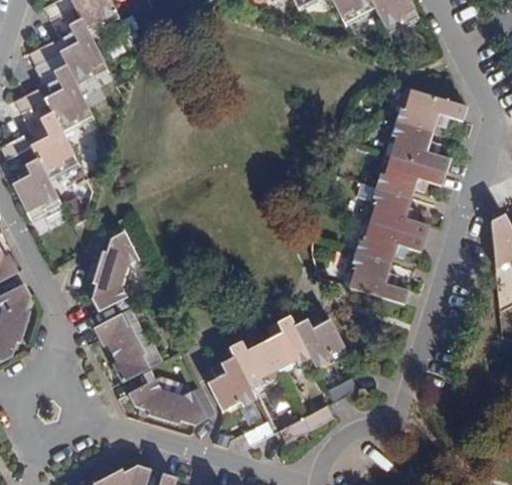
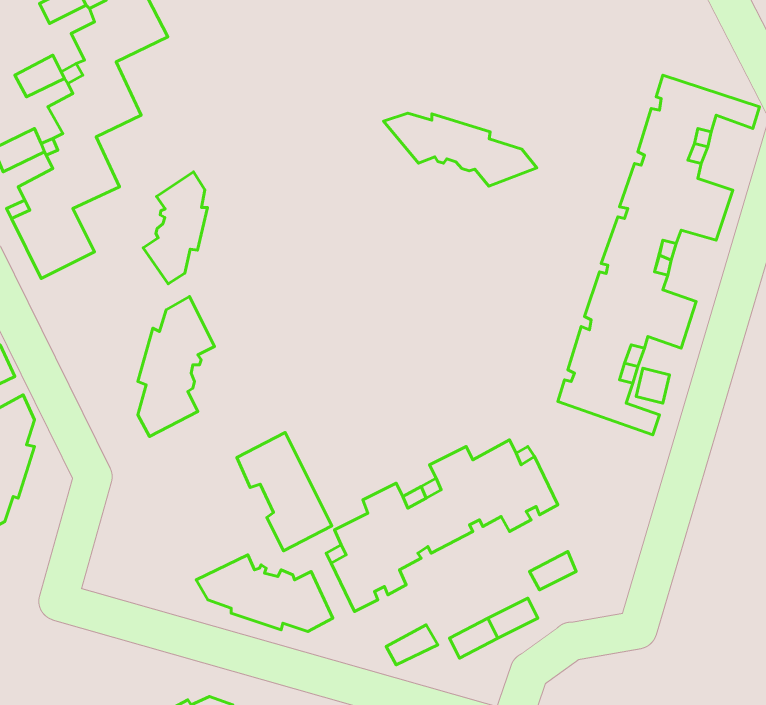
building: none -> [383,113,537,186]
building: none -> [143,172,207,284]
building: [93,312,150,383] -> [237,432,332,551]

